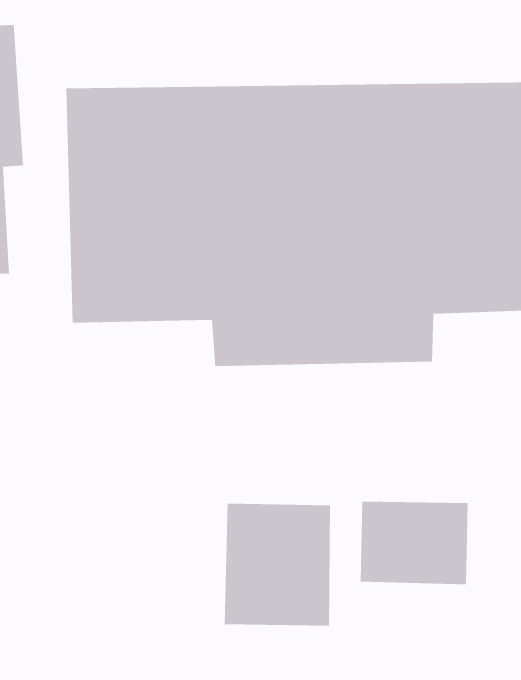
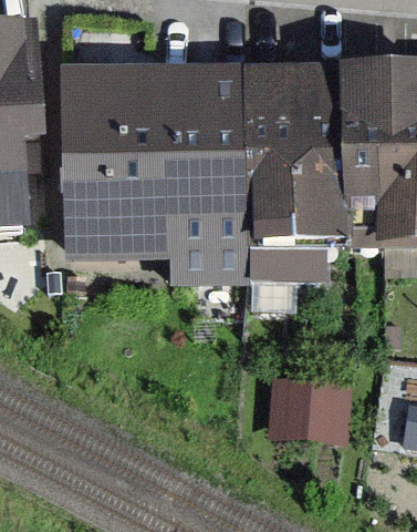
building: [224,503,330,627] -> none

